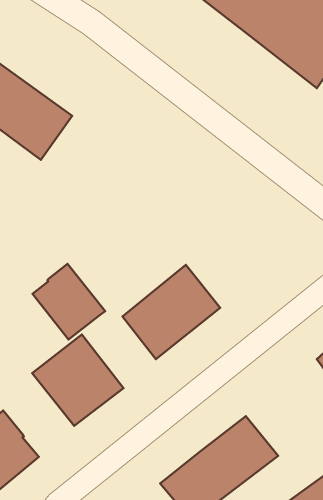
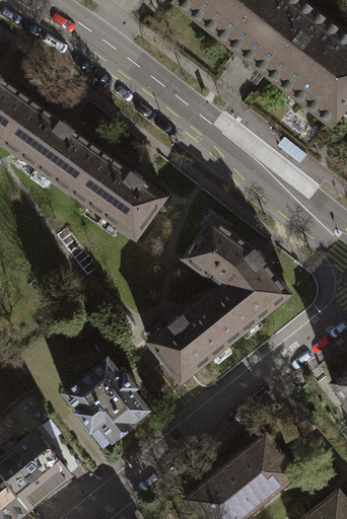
building: none -> [72,150,165,237]
building: none -> [183,216,290,331]
building: [32,264,105,340] -> none

